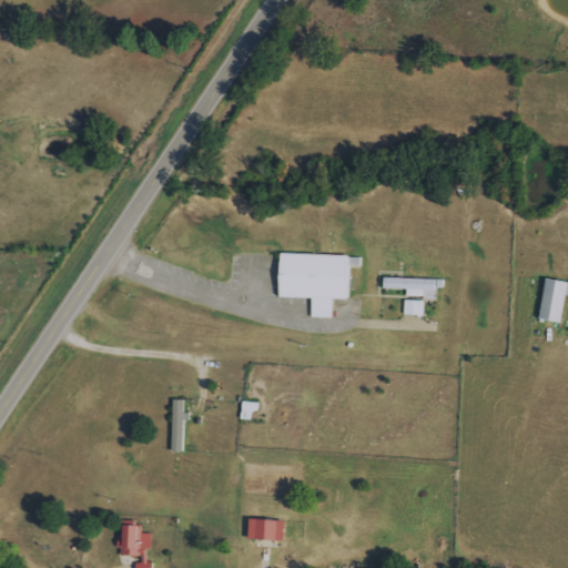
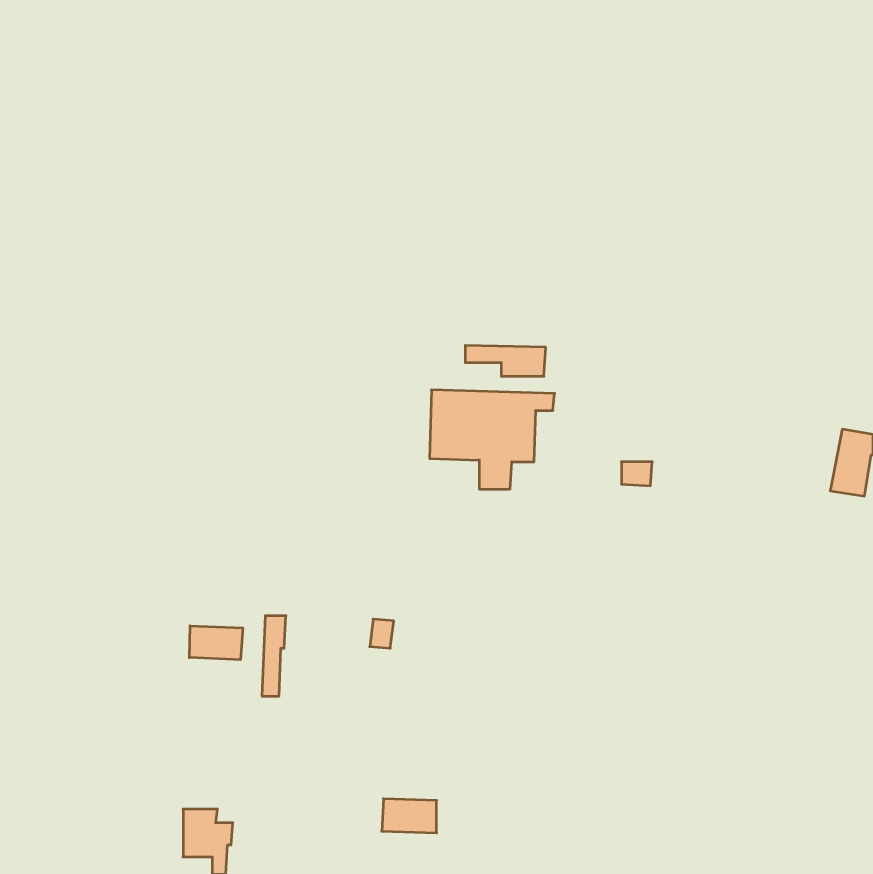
building: [383,277,435,297] -> [465,345,546,376]
building: none -> [189,626,243,660]

